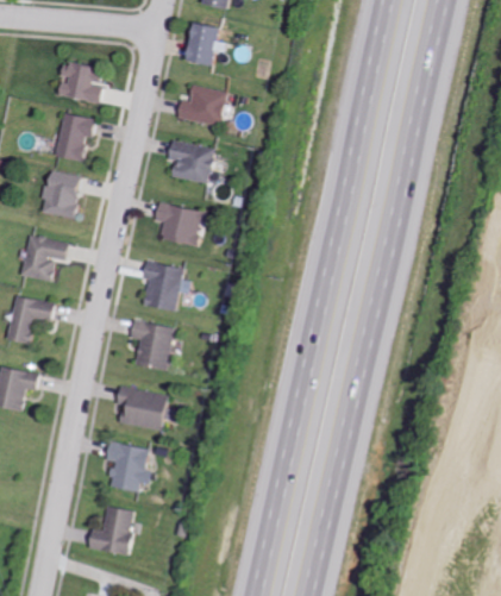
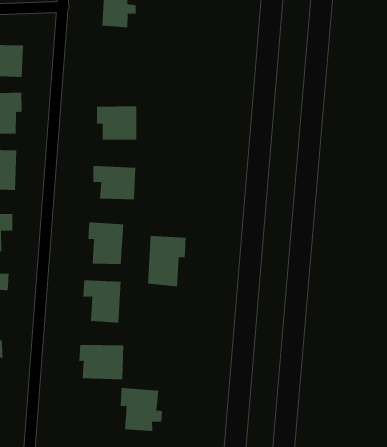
building: [176,84,225,125] -> none
building: none -> [148,235,186,287]
building: [105,441,149,491] -> [120,388,163,431]

